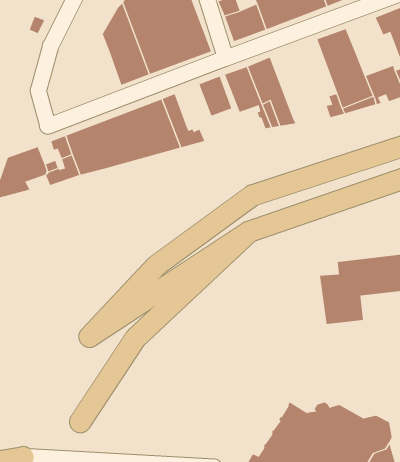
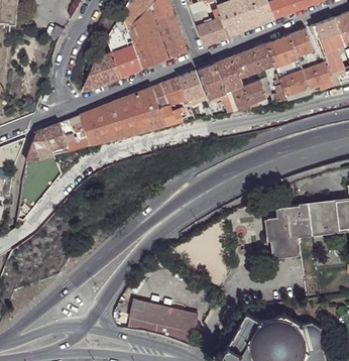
building: none -> [287,29,312,56]
building: none -> [231,44,273,79]
building: none -> [83,53,120,92]
building: none -> [160,78,187,107]
building: none -> [242,79,270,107]
building: none -> [126,298,196,347]

